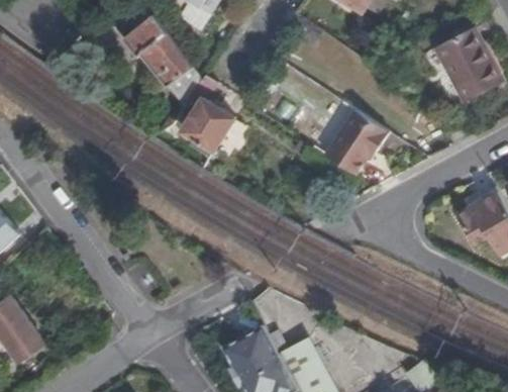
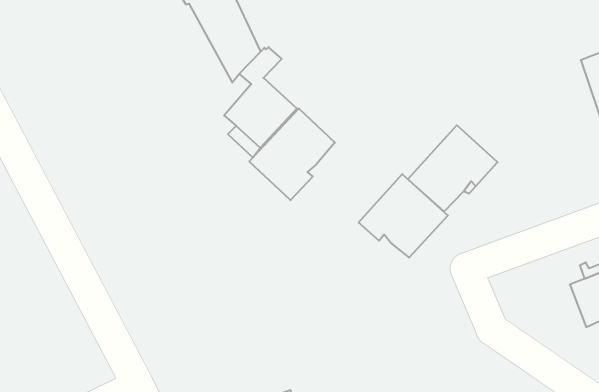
building: none -> [249,108,335,200]
building: none -> [359,174,448,258]

